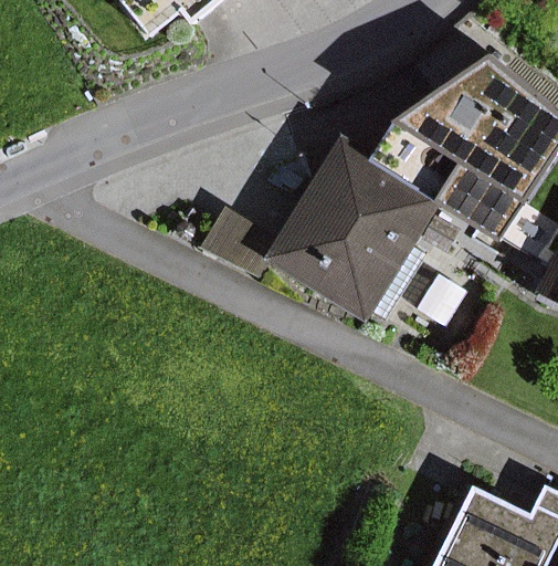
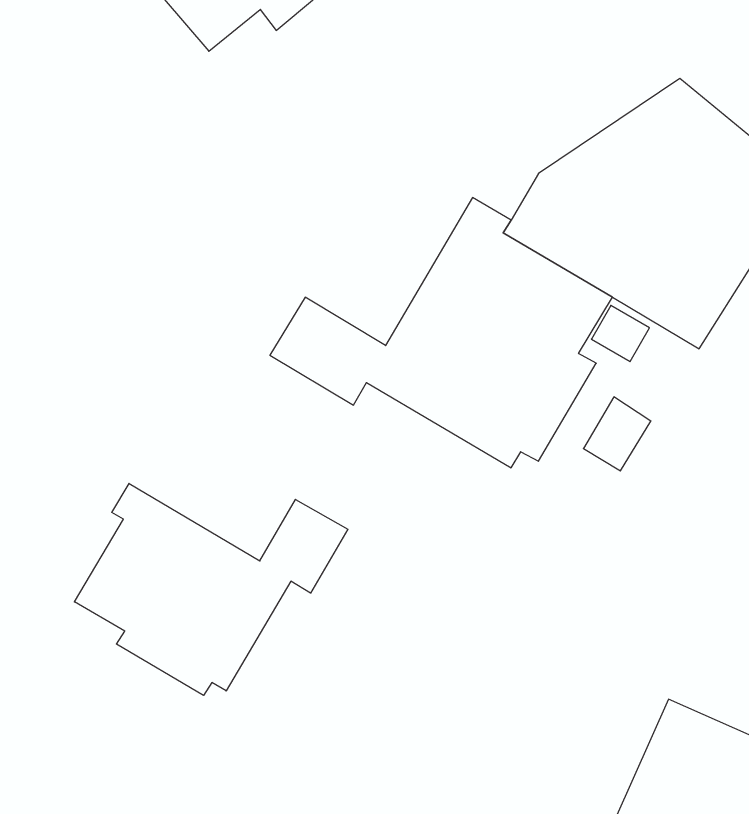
building: none -> [74,483,348,695]

